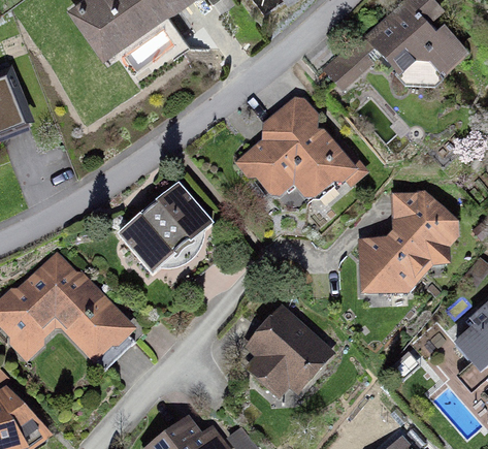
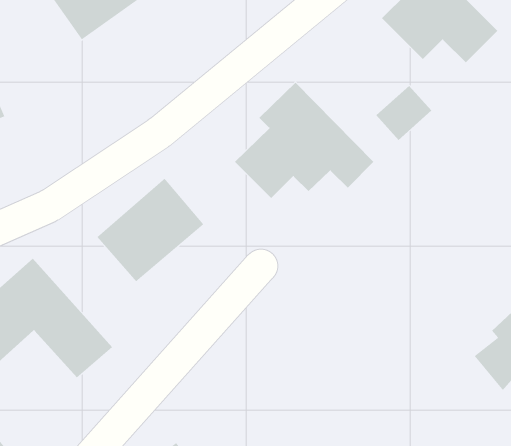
building: [322,40,372,90] -> [375,85,432,141]
building: [360,204,448,302] -> none
building: [245,304,330,400] -> none

